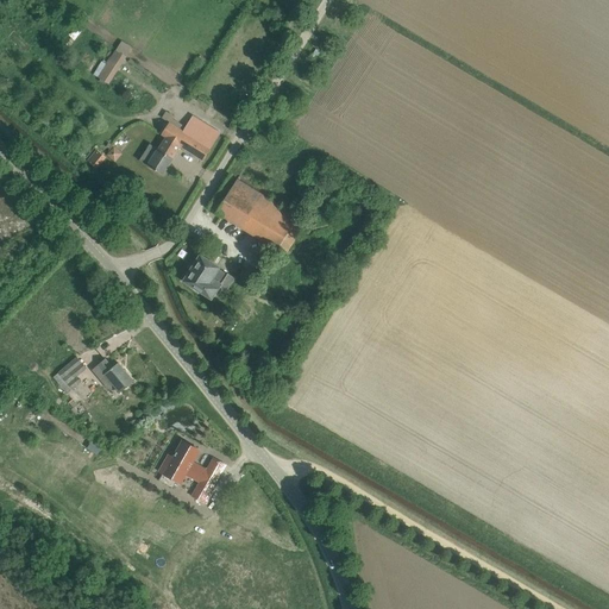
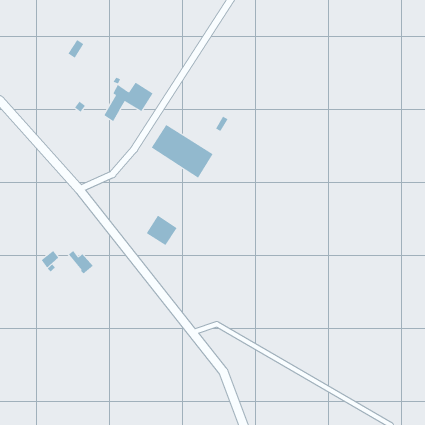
building: [182,253,227,297] -> [146,215,177,246]
building: [158,440,225,503] -> none

